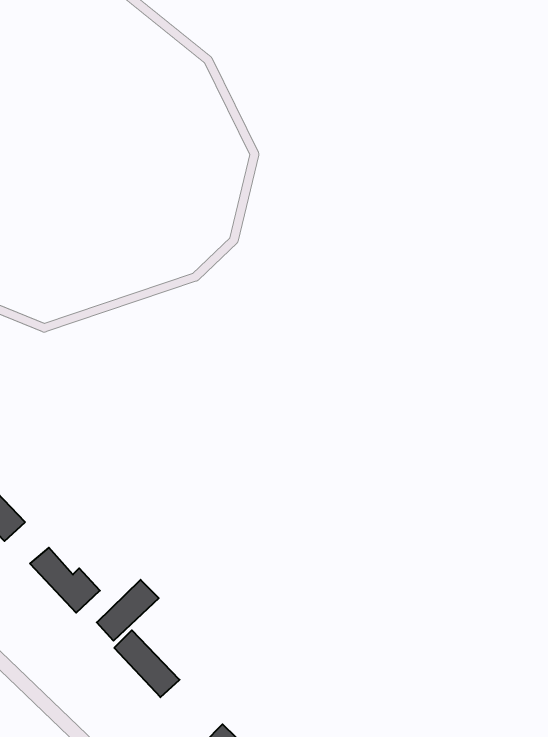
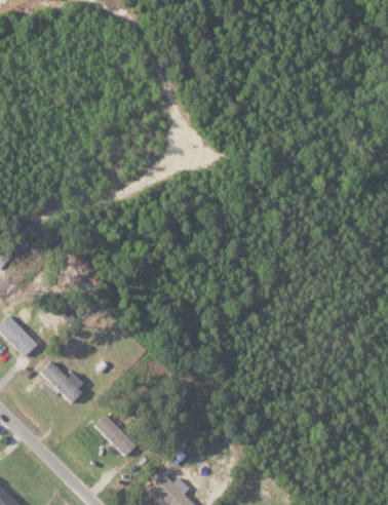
building: [97,580,159,641] -> none

